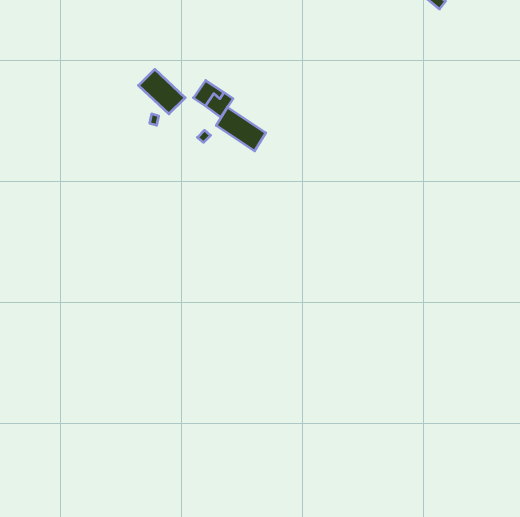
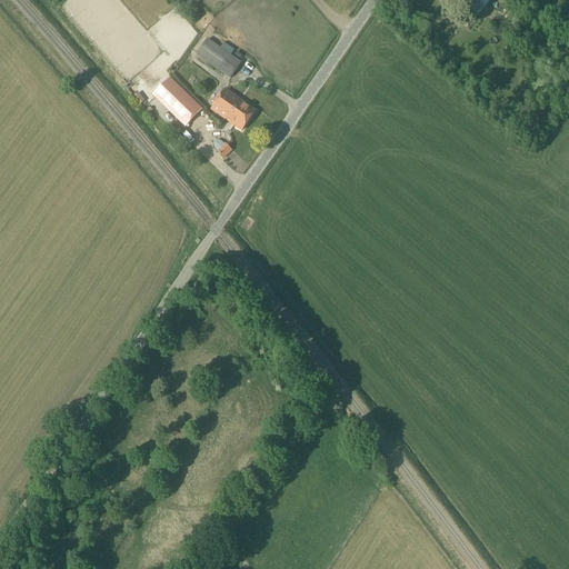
building: none -> [194,37,241,77]
building: [216,107,266,151] -> none

